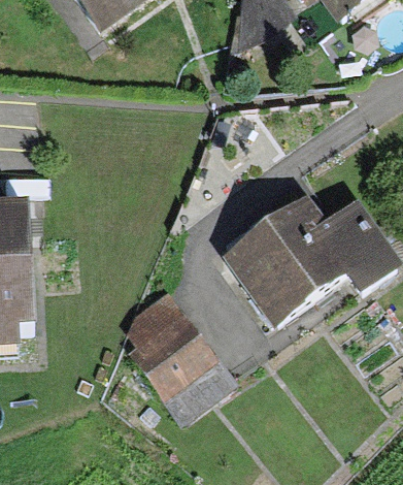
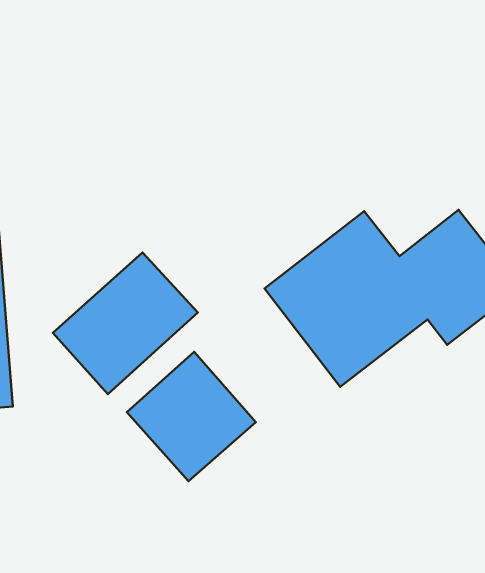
building: none -> [53,253,198,394]

